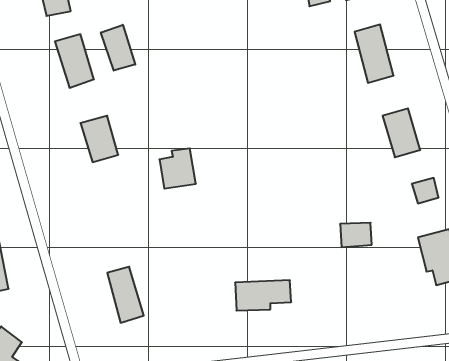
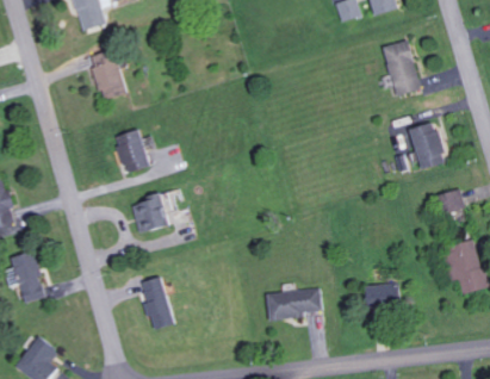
building: [101,25,135,71] -> none
building: [159,148,196,189] -> [132,193,168,232]
building: [340,223,372,247] -> [365,284,396,307]

